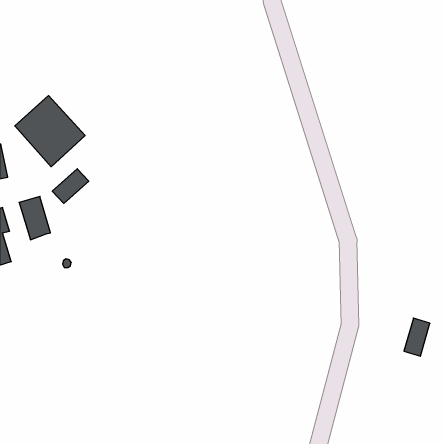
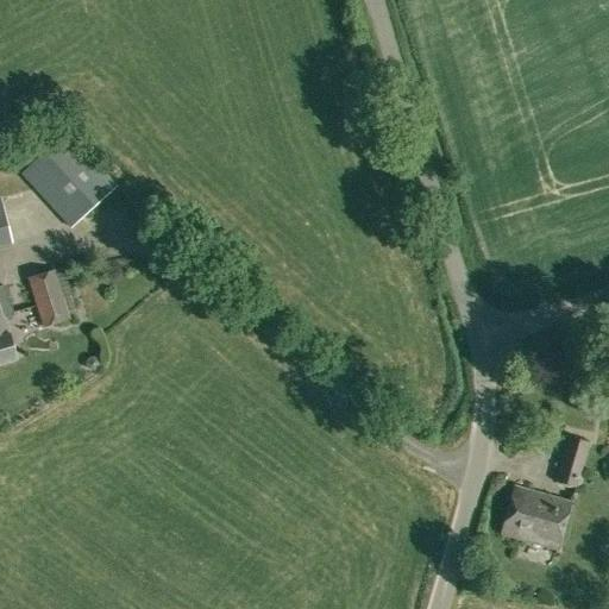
building: [52,169,89,203] -> none
building: none -> [500,485,569,548]

